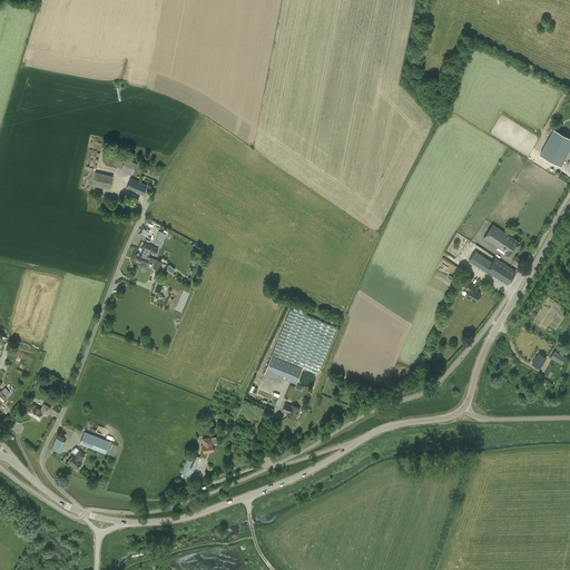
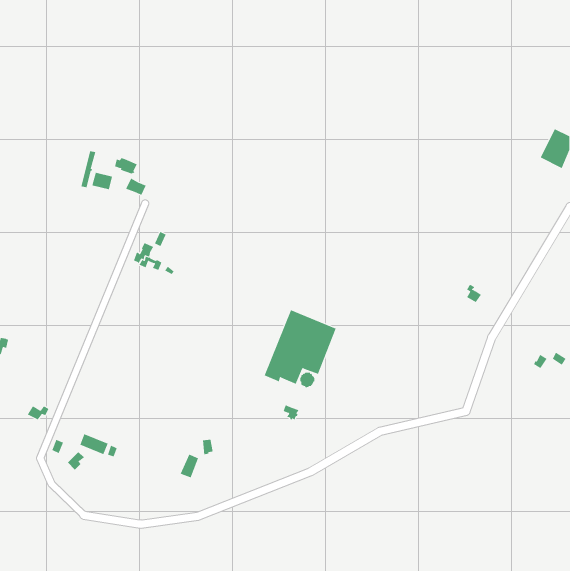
building: [482,224,520,257] -> none
building: [468,250,515,285] -> none

